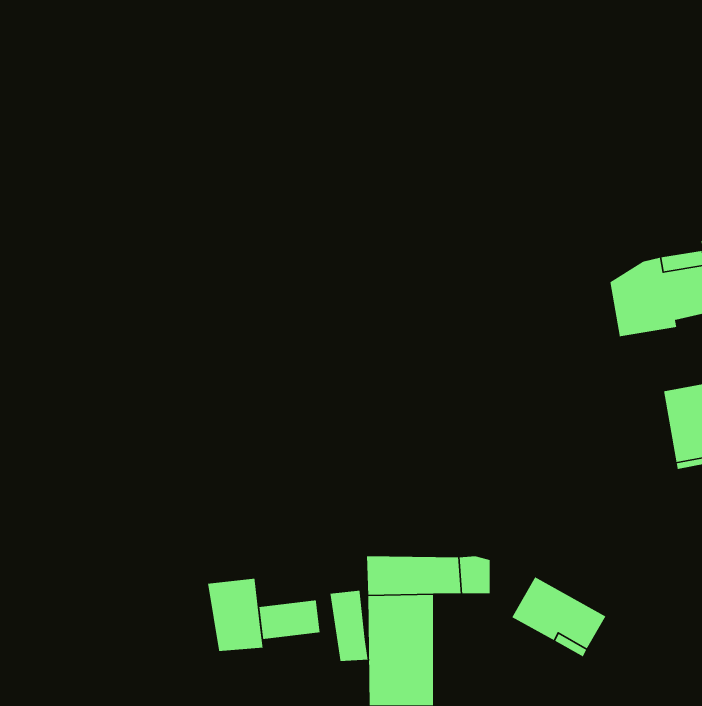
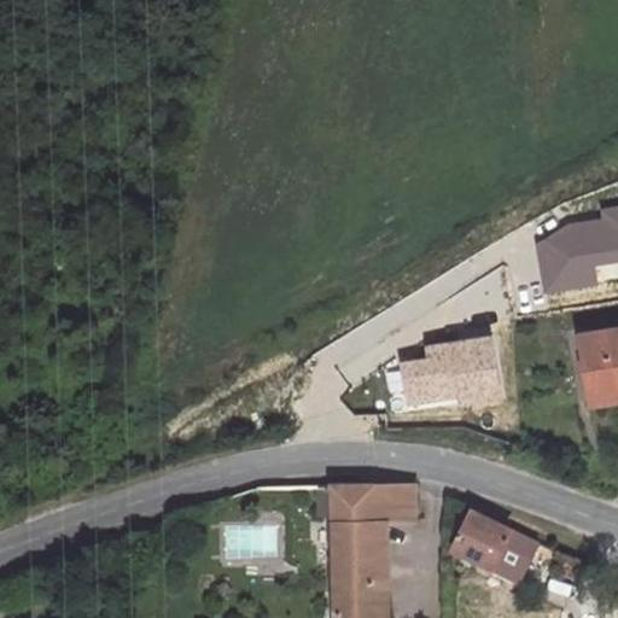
building: none -> [408,336,508,406]
building: [207,578,264,652] -> none
building: [329,590,368,662] -> none

